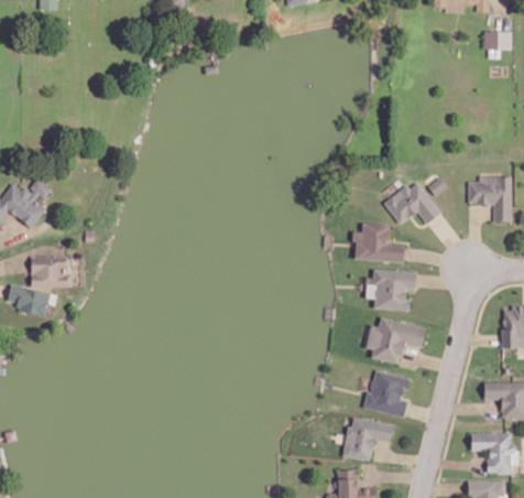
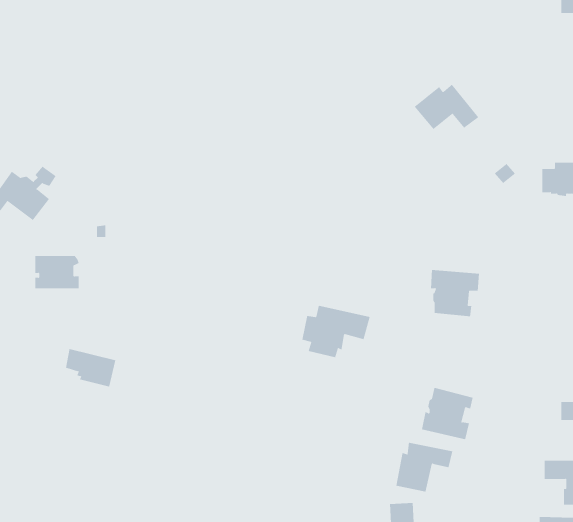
building: [384,183,440,223] -> [414,84,479,130]
building: [352,224,404,261] -> none
building: [7,283,51,316] -> [65,349,116,387]
building: [367,317,426,362] -> [301,305,370,358]

